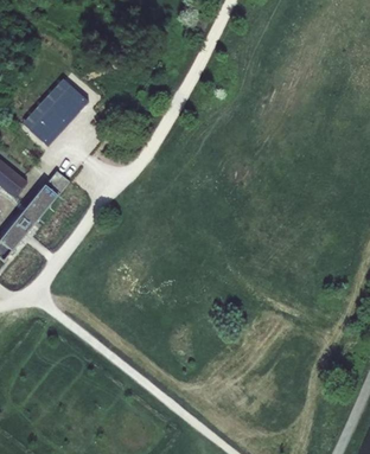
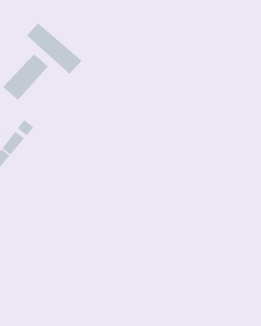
building: none -> [26,22,82,74]

